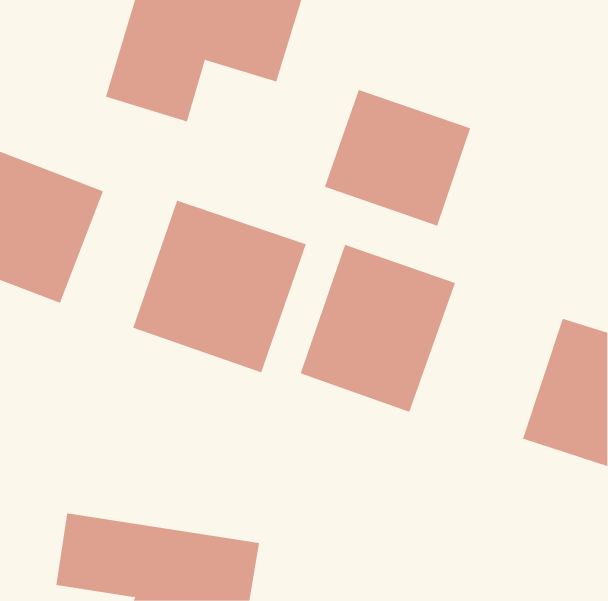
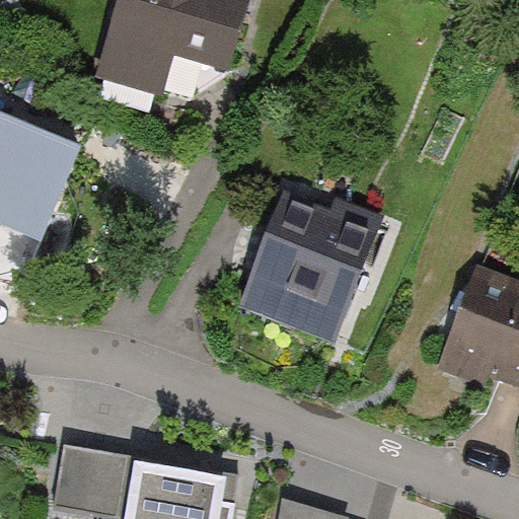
building: [324,89,471,226] -> none
building: [133,200,306,373] -> none

